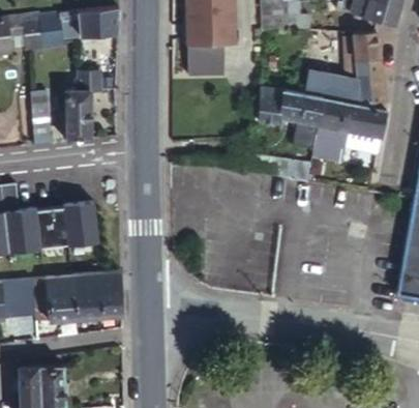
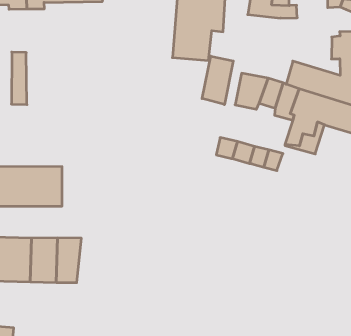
building: [59,69,97,144] -> none
building: none -> [202,56,233,105]

